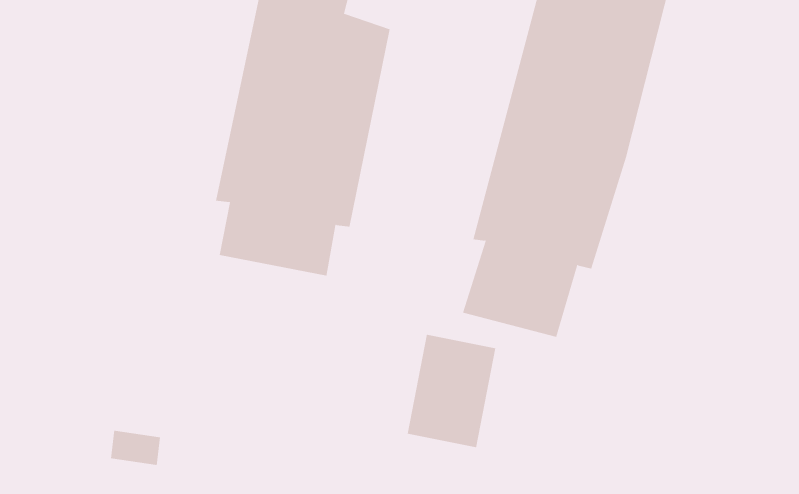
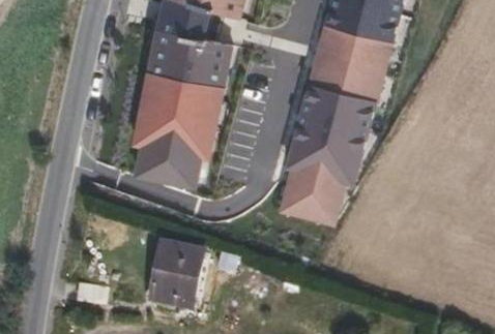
building: [407,334,496,448] -> [143,240,196,307]

